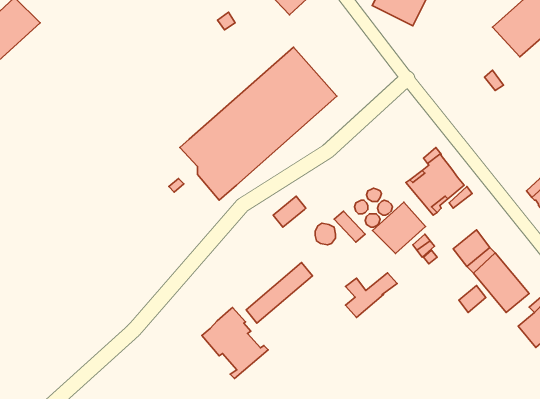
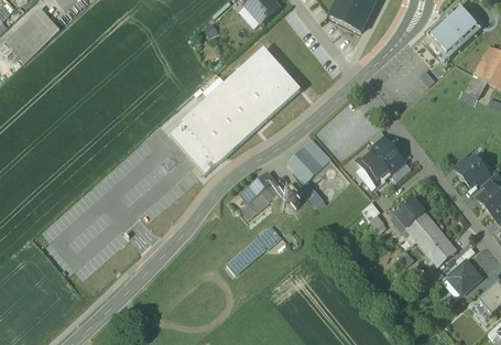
building: [373,202,425,254] -> [286,138,329,180]
building: [346,273,397,317] -> [239,181,281,217]
building: [202,308,268,379] -> none

